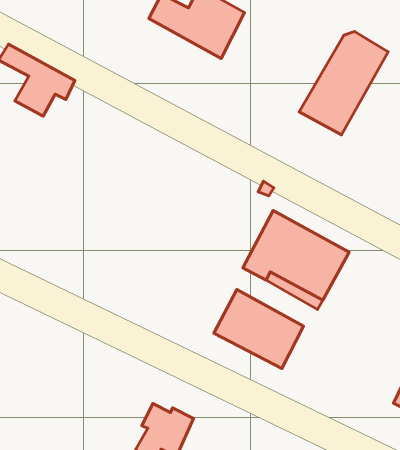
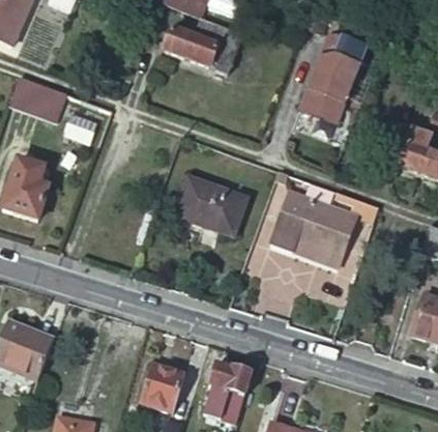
building: [214,290,304,369] -> [173,177,245,236]
building: none -> [144,361,186,405]

